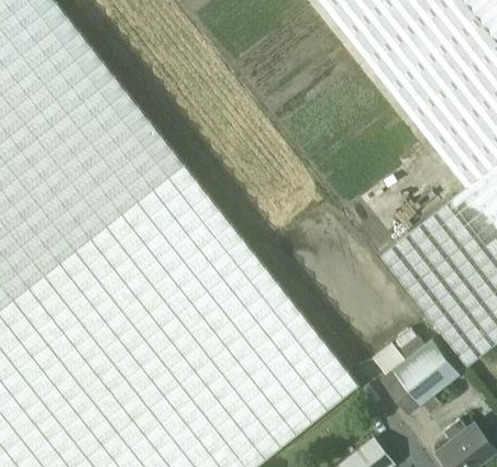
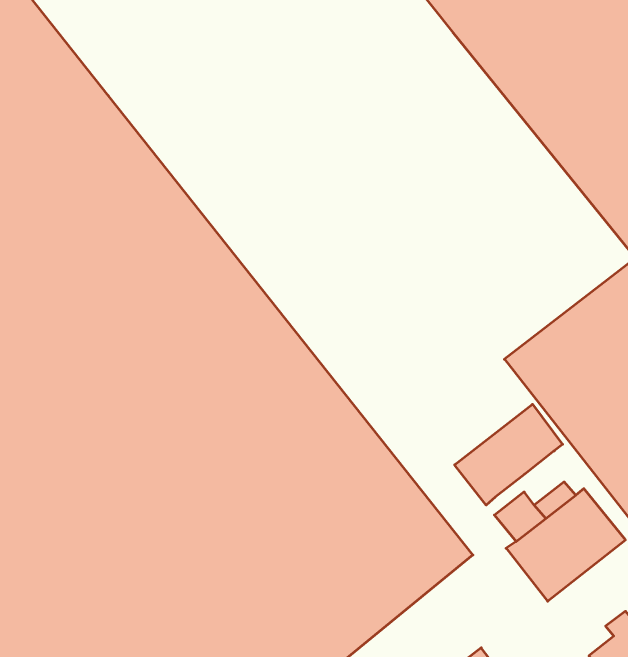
building: none -> [455,404,563,505]

